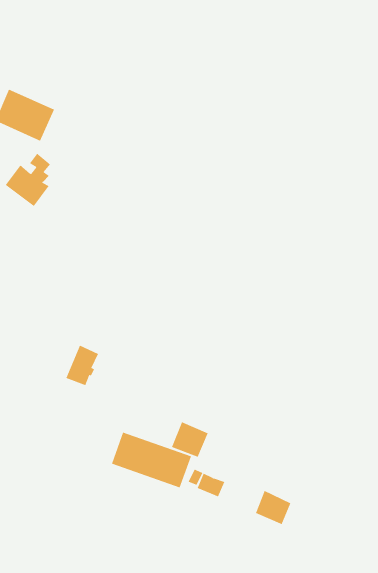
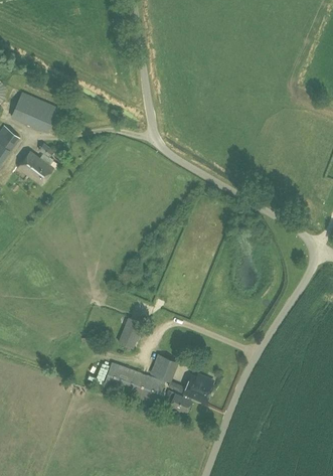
building: [65,345,99,386] -> [118,316,144,348]
building: [255,490,291,525] -> [185,375,213,403]

